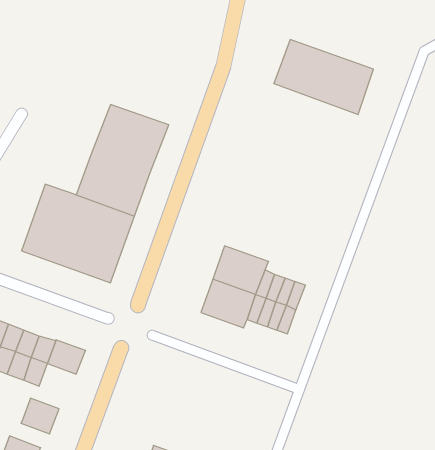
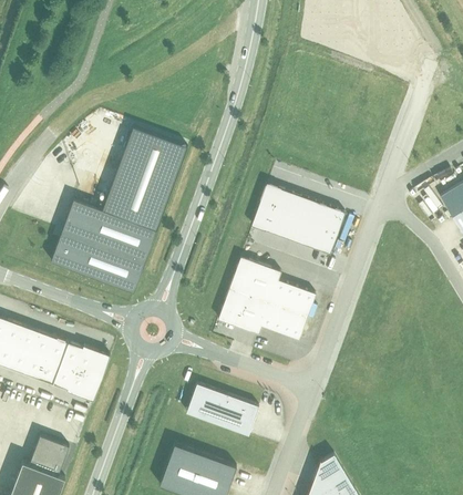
building: [274,40,373,114] -> [251,185,344,255]
building: none -> [186,384,259,435]
building: [21,398,59,434] -> [66,368,102,401]

